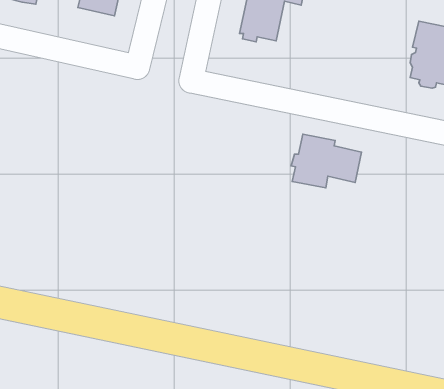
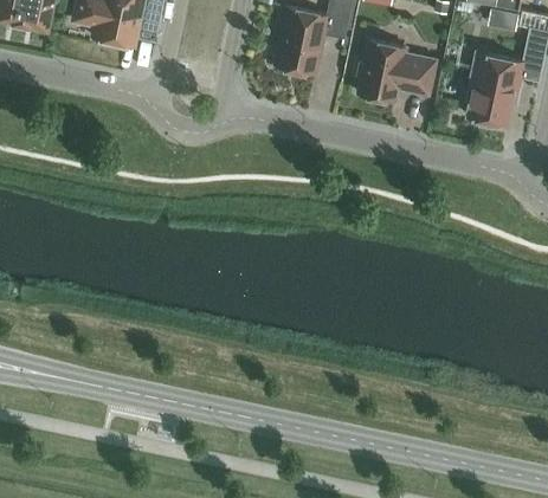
building: [291,134,361,188] -> [356,40,436,101]

